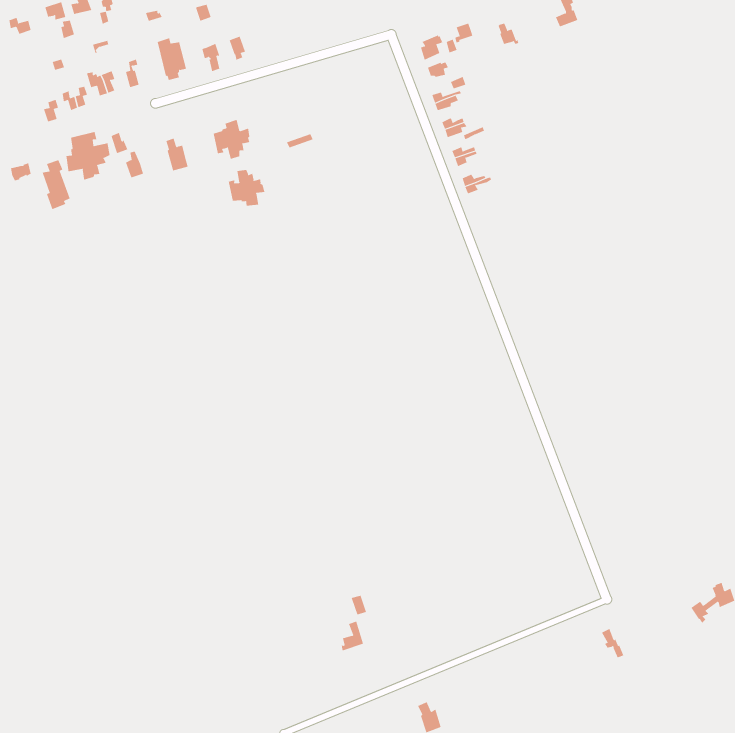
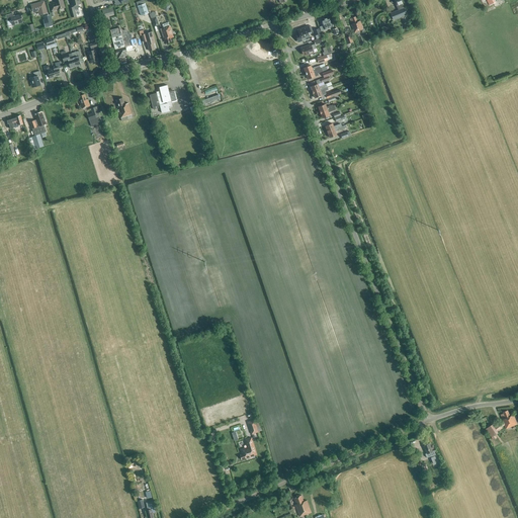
building: [66,131,110,181] -> none
building: [228,169,265,206] -> none

